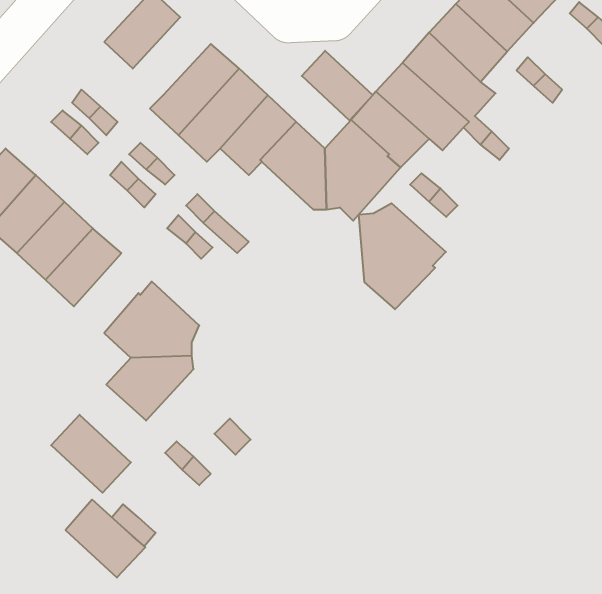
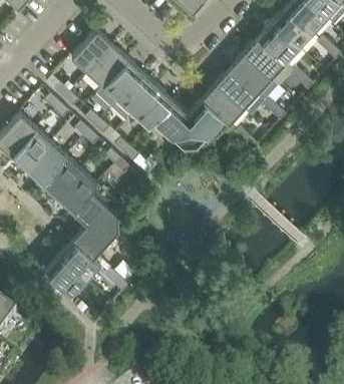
building: none -> [86,45,127,86]
building: [302,51,373,120] -> none
building: [359,203,446,309] -> none
building: none -> [55,169,96,212]
building: [66,500,145,578] -> [58,239,100,280]

